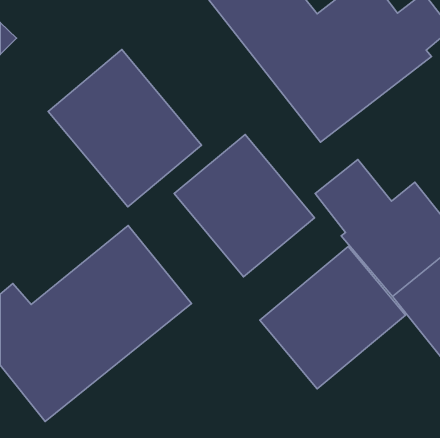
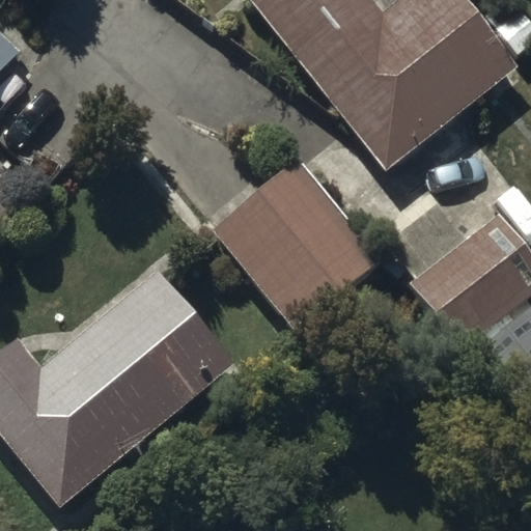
building: [48,50,202,207] -> none
building: [260,246,406,389] -> none

